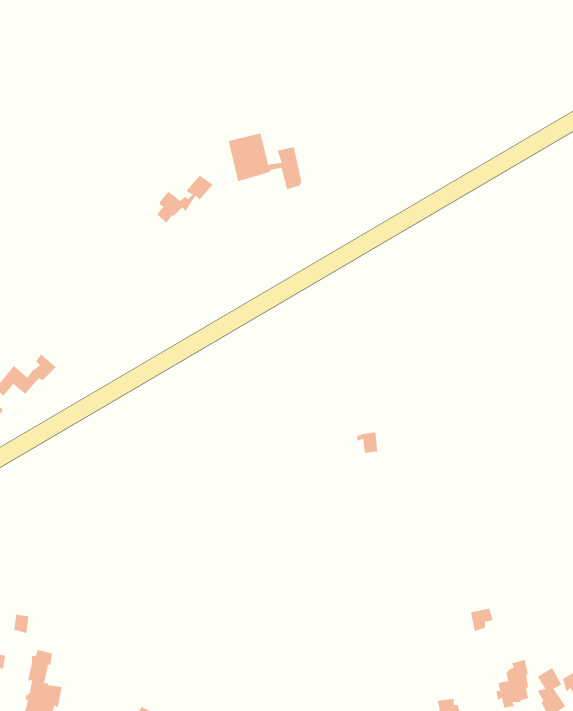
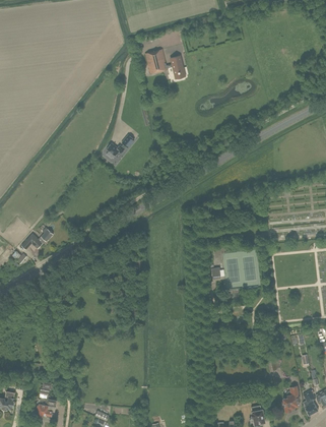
building: [228,133,302,190] -> [145,49,184,78]

